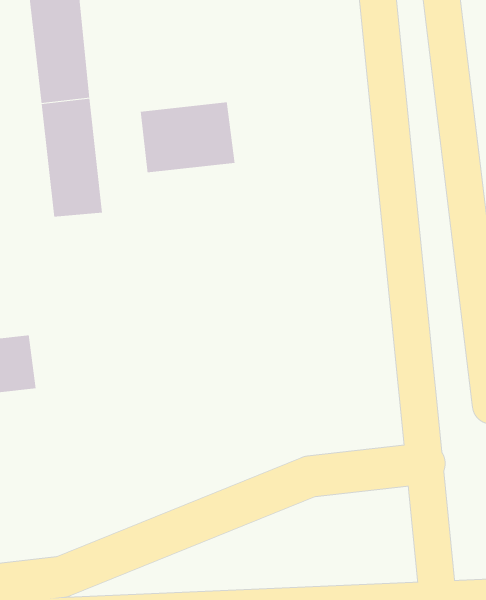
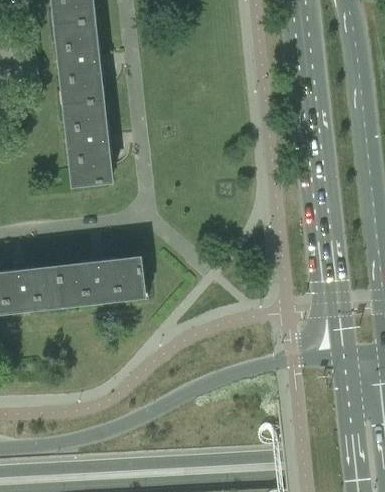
building: [140,102,235,173] -> none
building: none -> [58,258,143,305]

